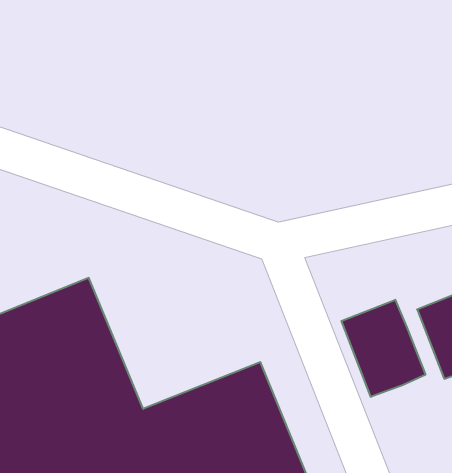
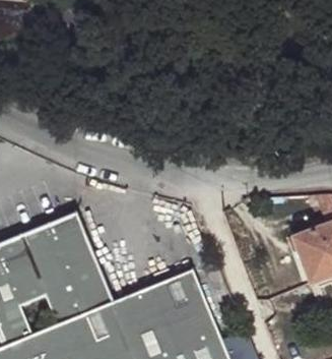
building: [341,300,425,397] -> none

